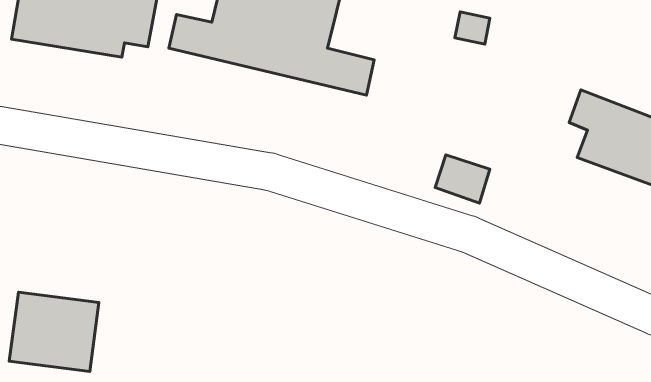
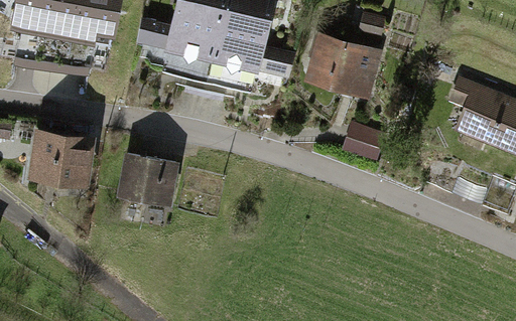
building: none -> [302,31,381,99]
building: none -> [116,152,179,206]
building: [9,292,99,372] -> [23,124,93,185]

